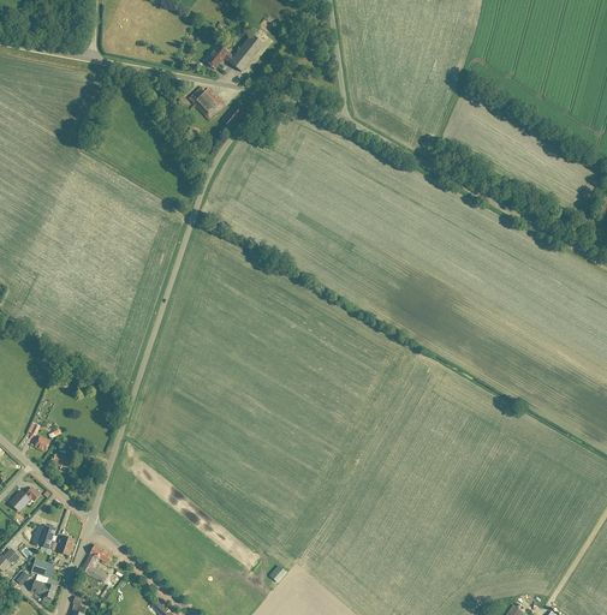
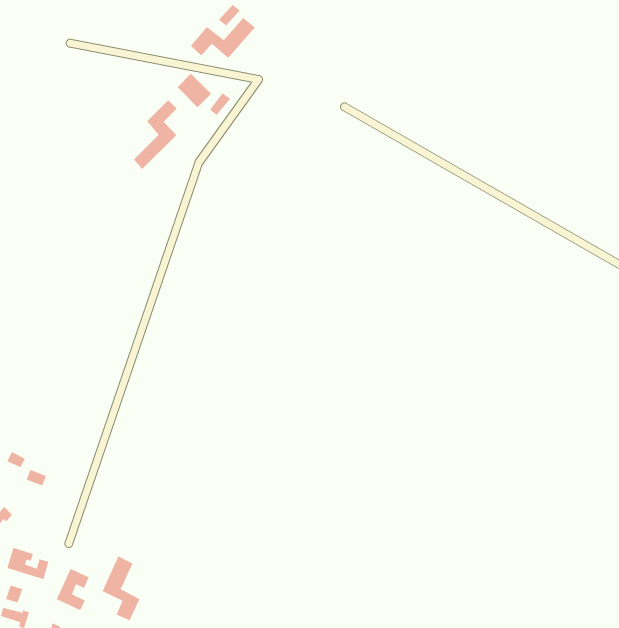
building: none -> [133,100,177,170]
building: none -> [102,556,140,621]

